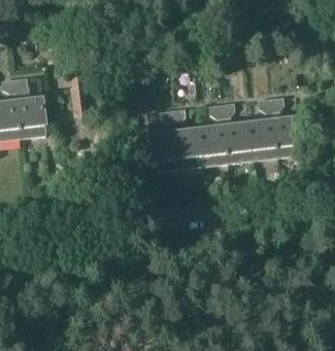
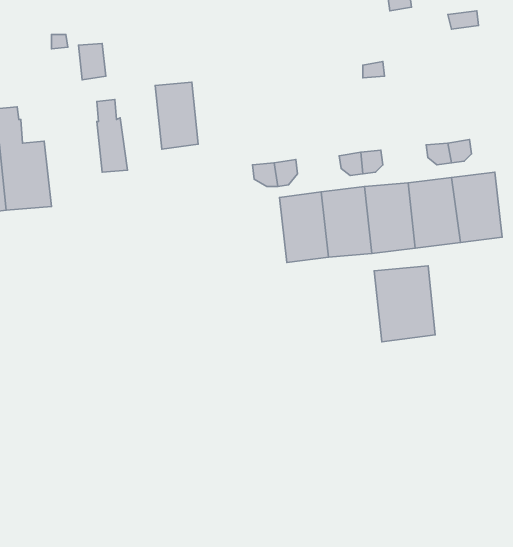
building: none -> [155,82,198,149]
building: [148,129,178,169] -> none
building: none -> [374,266,435,342]

